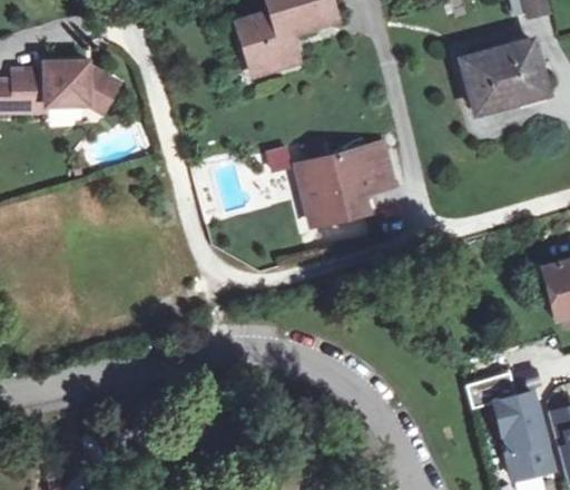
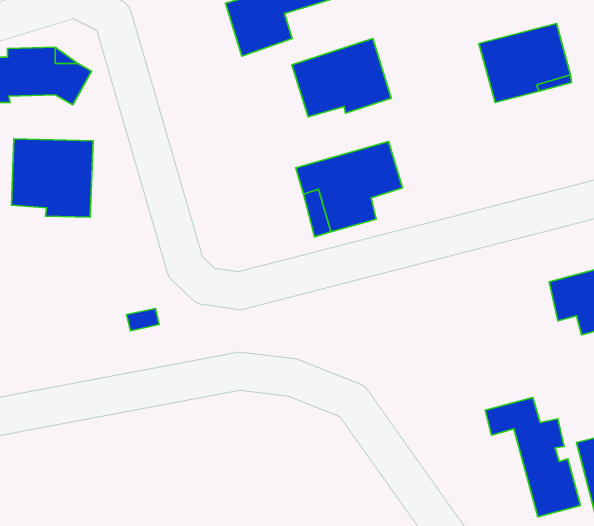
building: none -> [292,38,391,117]
building: none -> [12,139,93,217]

